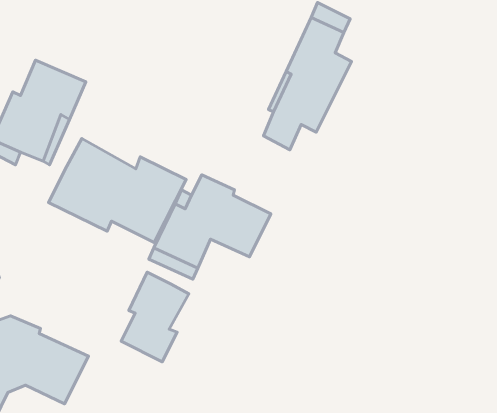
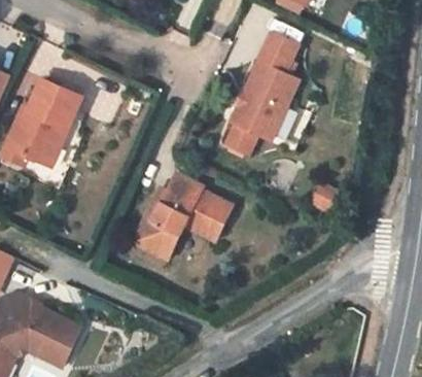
building: [49,139,186,243] -> none
building: [121,272,189,362] -> none

